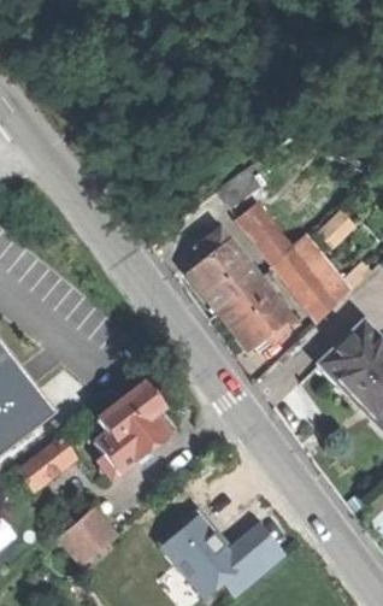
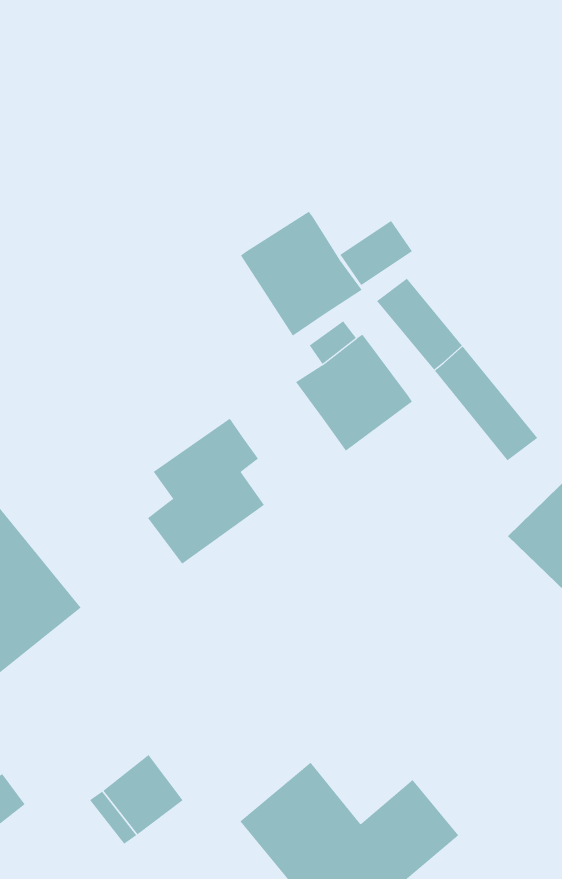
building: none -> [240,211,362,336]
building: [218,281,294,351] -> none
building: [94,386,167,477] -> [147,418,265,564]
building: [17,440,77,494] -> none

